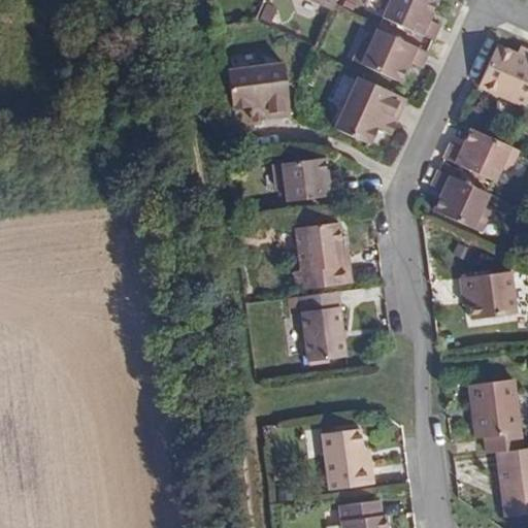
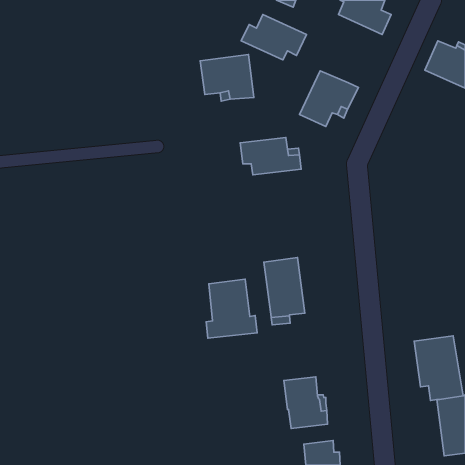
building: [353,30,427,81] -> [241,14,307,60]
building: [444,129,519,180] -> none
building: [427,171,491,233] -> none
building: [294,222,352,289] -> [206,279,257,338]
building: [460,262,515,316] -> none

